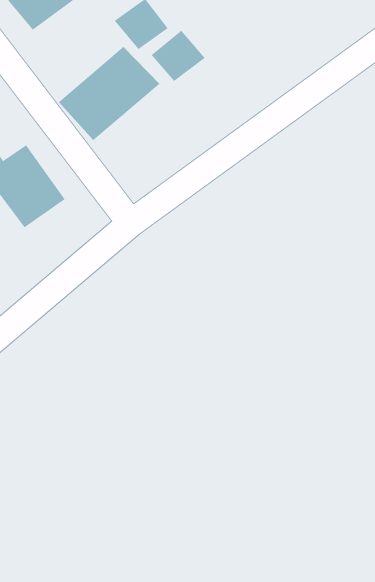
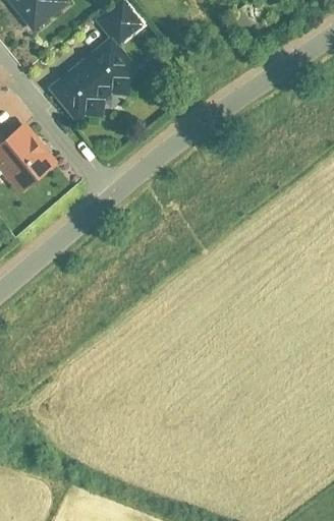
building: [151,30,205,82] -> none

